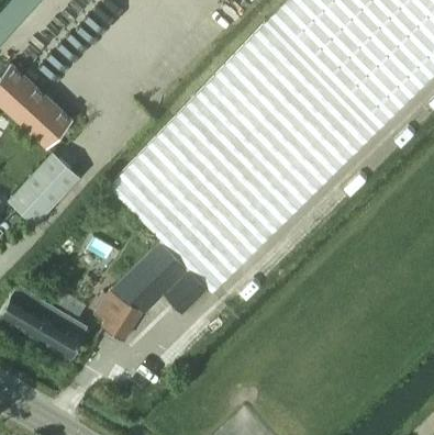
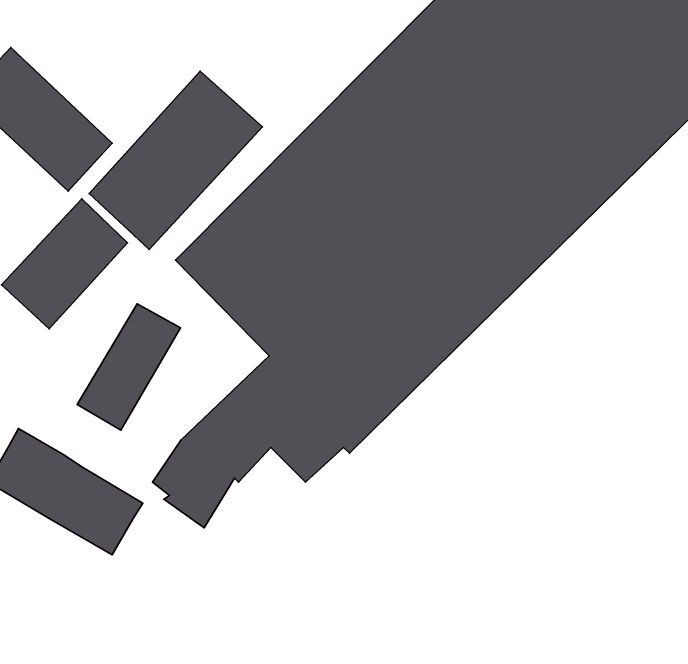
building: none -> [89,71,262,249]
building: none -> [77,304,181,430]

